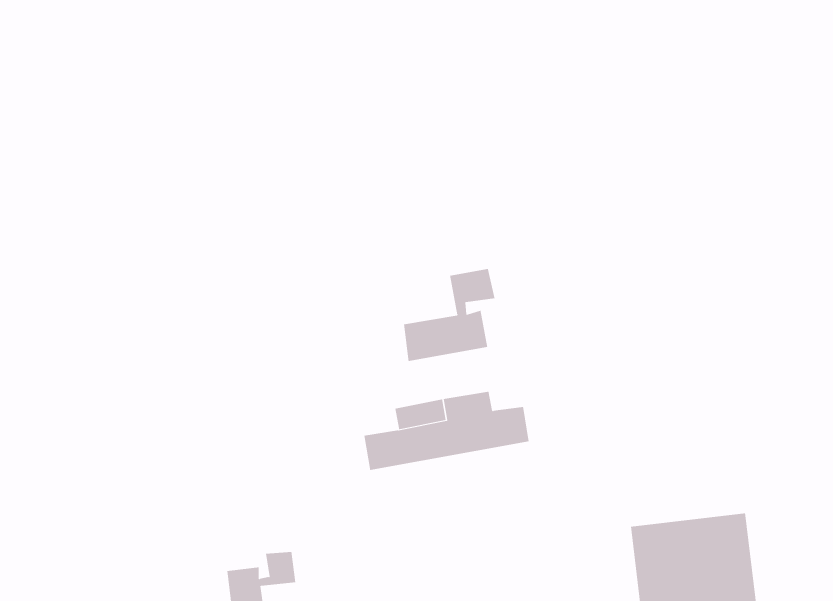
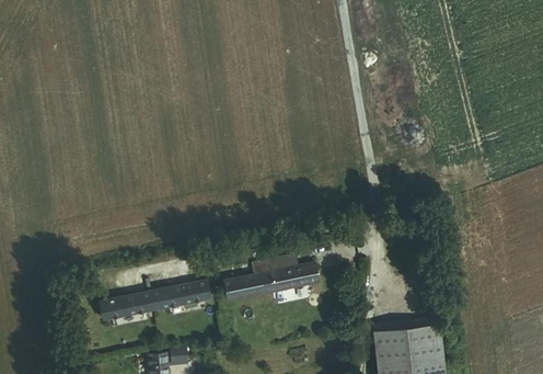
building: [404,268,495,362] -> none
building: none -> [97,281,209,320]

